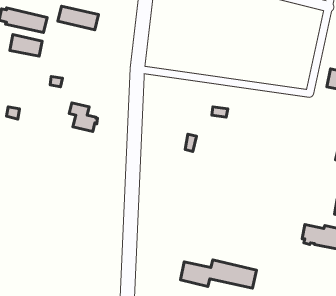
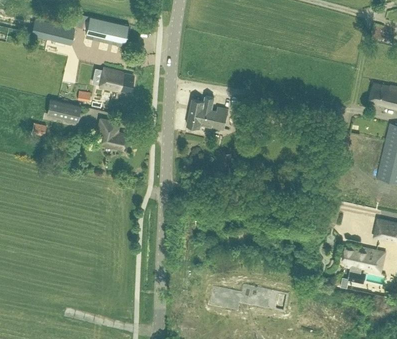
building: [10,34,42,56] -> [46,98,80,121]
building: none -> [98,67,133,92]
building: none -> [187,95,228,128]

